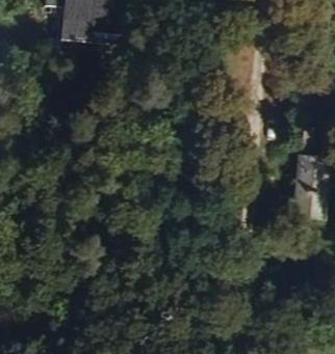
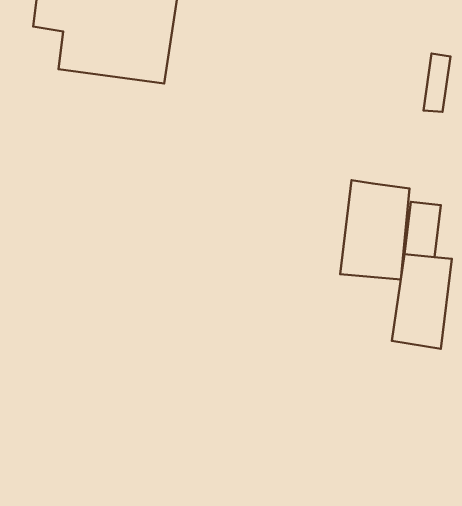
building: none -> [340,180,409,279]

